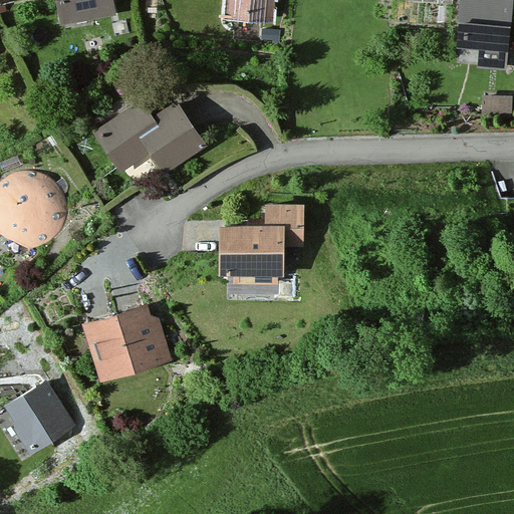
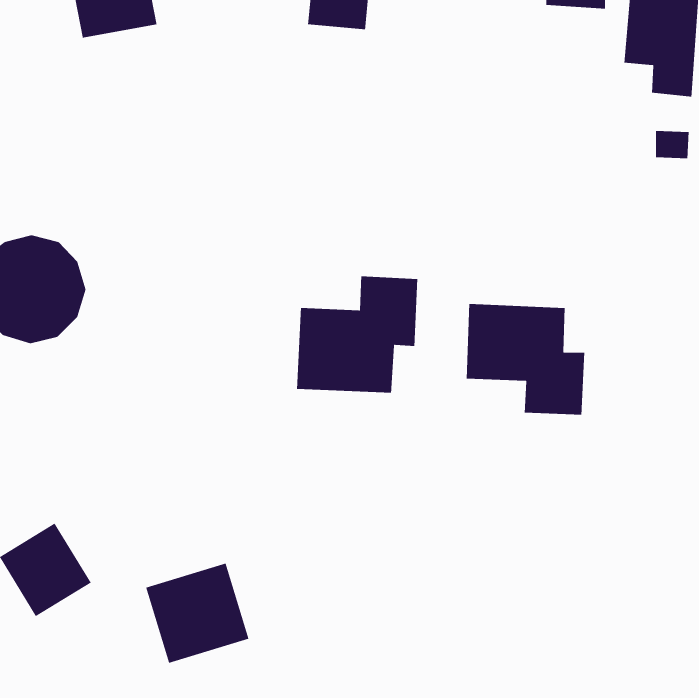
building: [90,98,209,175] -> none
building: none -> [466,303,585,415]
building: [86,303,163,377] -> [145,562,249,664]

